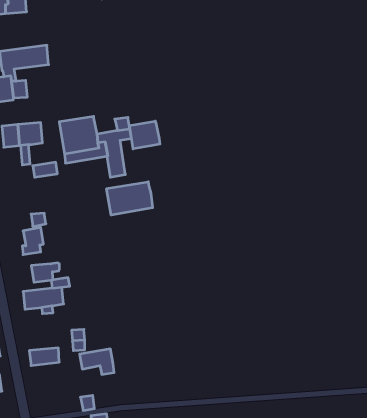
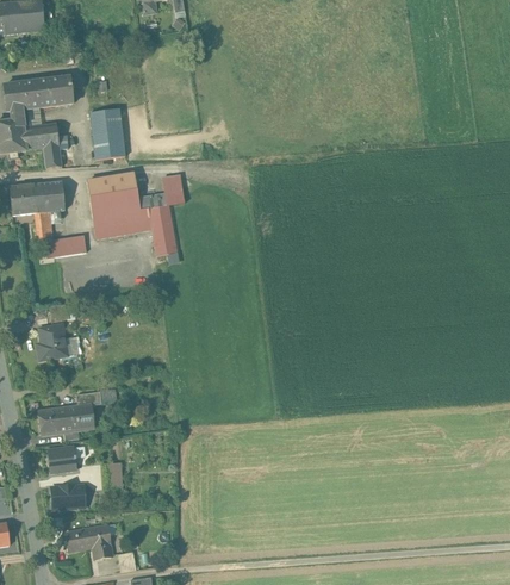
building: none -> [89,107,124,158]
building: none -> [42,122,61,167]
building: [130,121,160,149] -> none
building: [107,182,153,215] -> none
building: [31,263,59,282] -> [46,446,85,472]
building: [80,349,114,374] -> [64,524,111,559]

